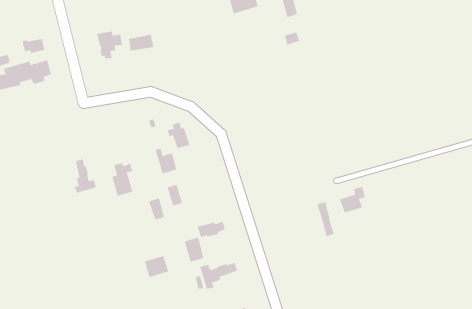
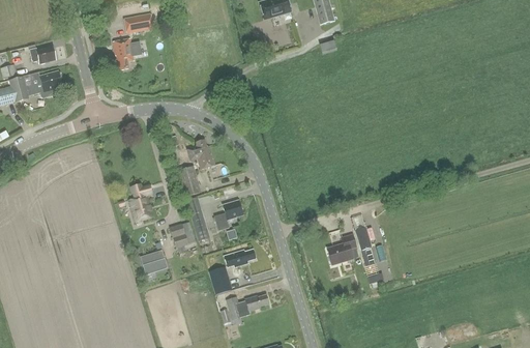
building: [128,34,154,51] -> [124,13,153,32]
building: [74,158,96,194] -> none
building: none -> [214,200,242,230]
building: [339,186,366,213] -> [326,234,355,264]
building: [144,255,169,278] -> [140,250,168,274]

